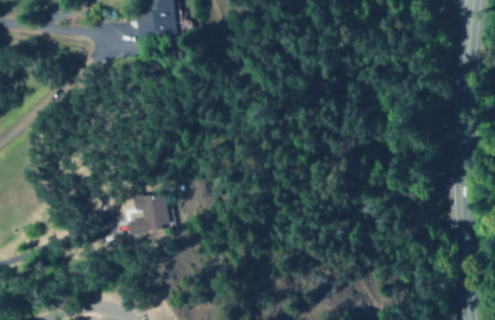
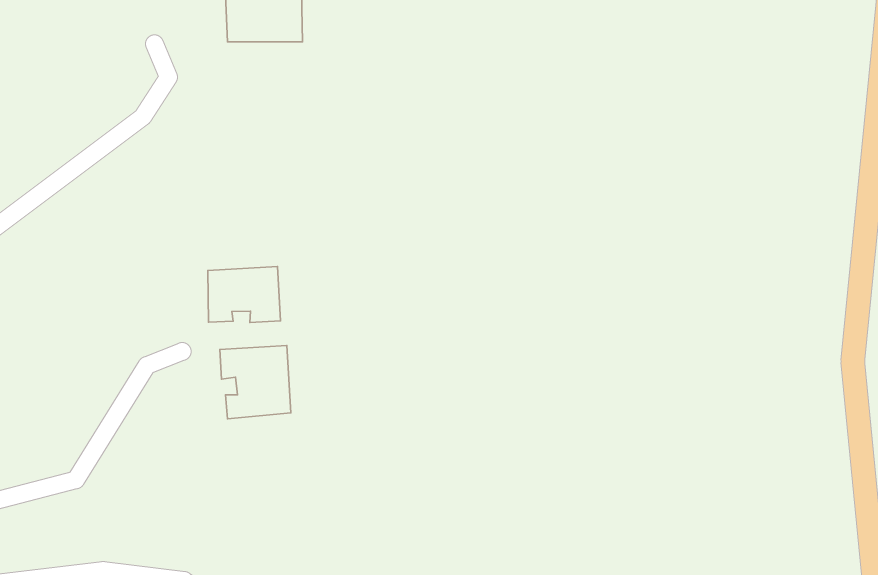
building: none -> [208,266,281,323]

